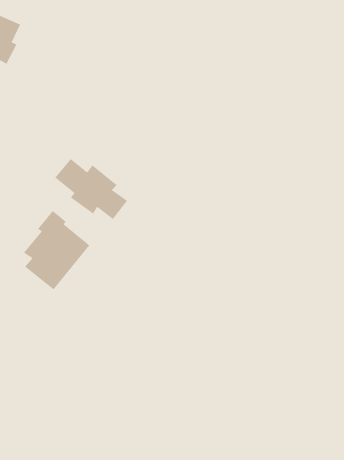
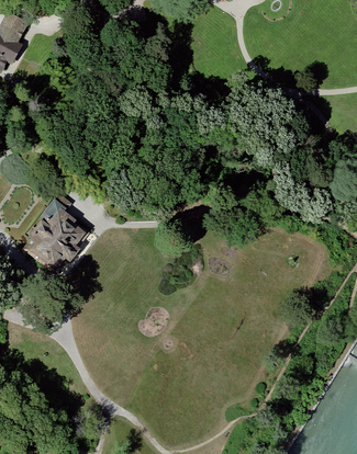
building: [55,158,128,220] -> none

